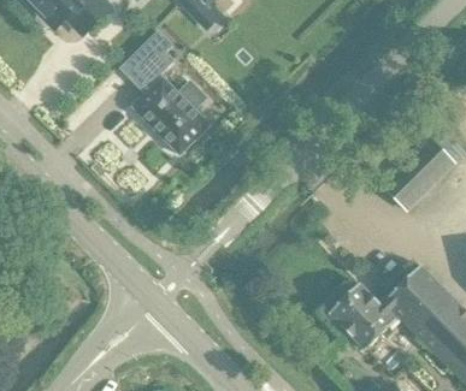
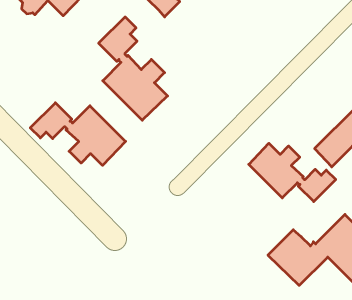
building: none -> [30,103,126,165]
building: none -> [249,143,336,202]

